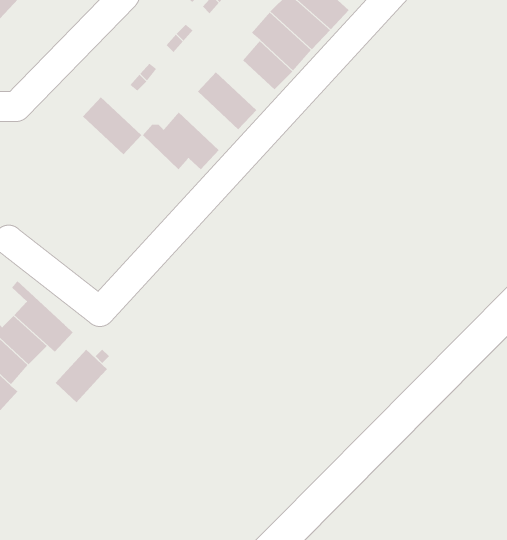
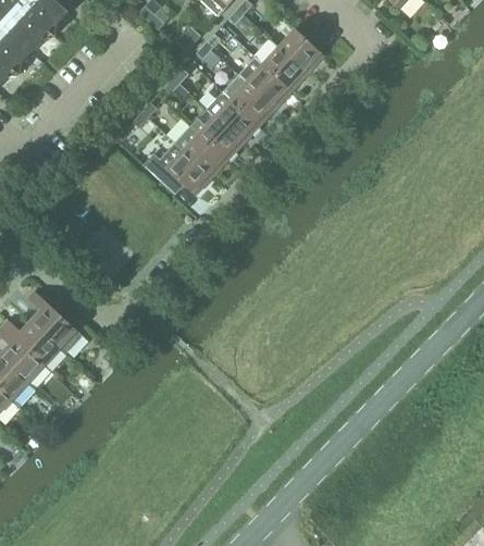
building: none -> [207,92,258,142]
building: [82,96,142,155] -> [174,126,226,177]
building: [55,349,108,403] -> none

